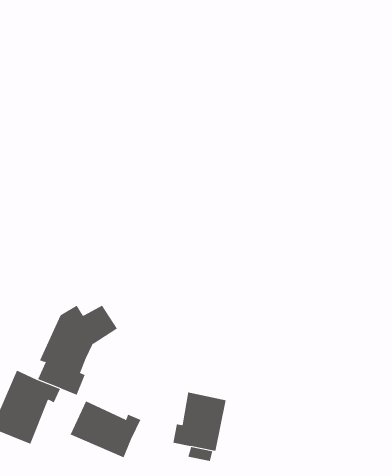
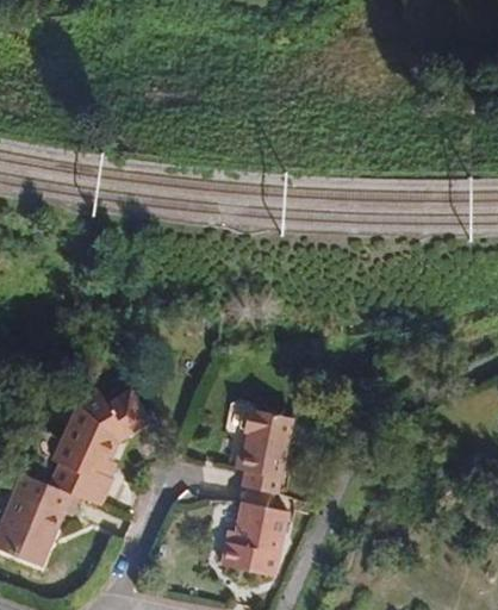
building: none -> [232,405,294,493]
building: [70,401,141,458] -> none

